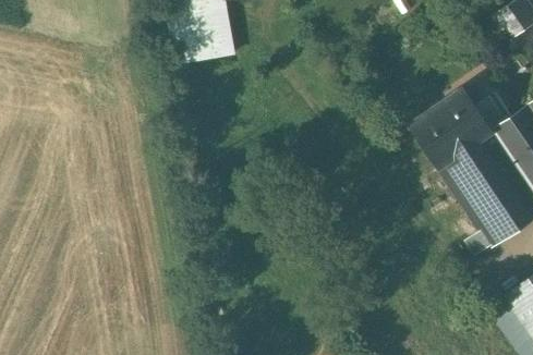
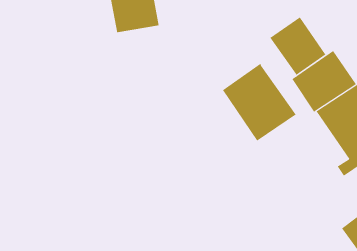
building: none -> [269,17,326,76]
building: none -> [222,63,296,142]

